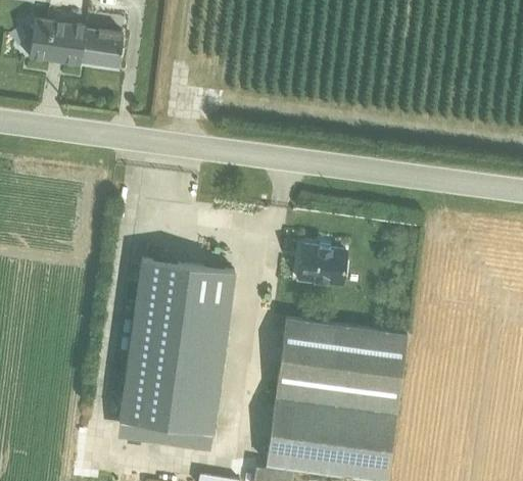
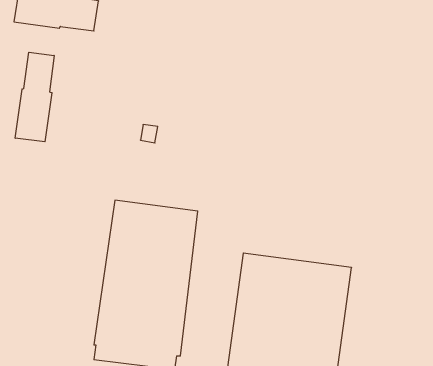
building: none -> [15,52,54,142]
building: [298,242,349,285] -> none

